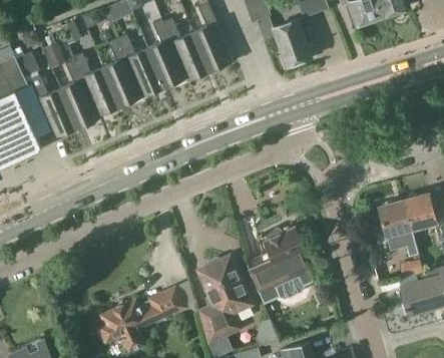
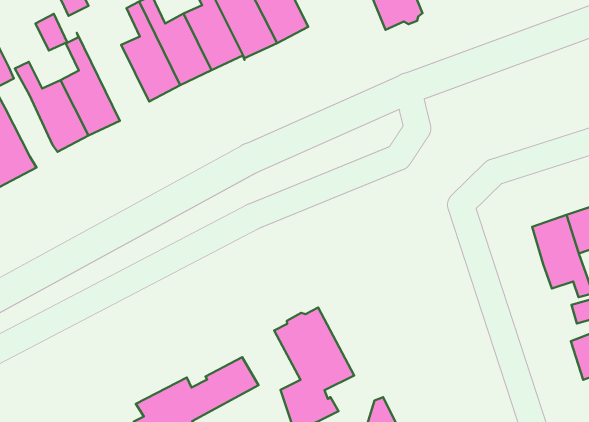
building: [73,53,120,119] -> none
building: [248,227,315,303] -> none

